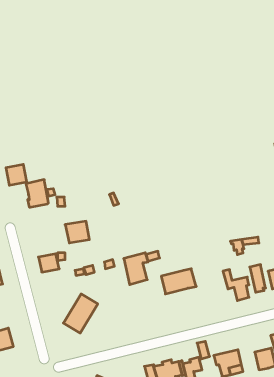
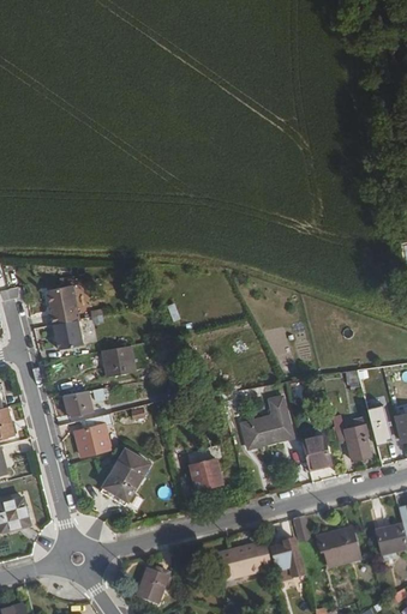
building: [6,164,27,185] -> [53,318,83,348]
building: [124,253,148,285] -> [188,444,223,489]
building: none -> [77,413,113,455]
building: none -> [301,434,331,468]

